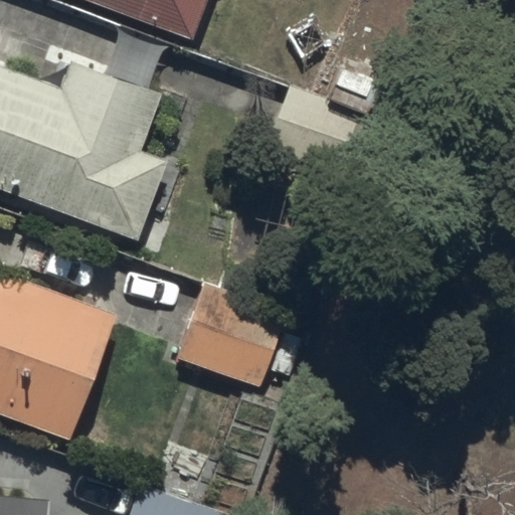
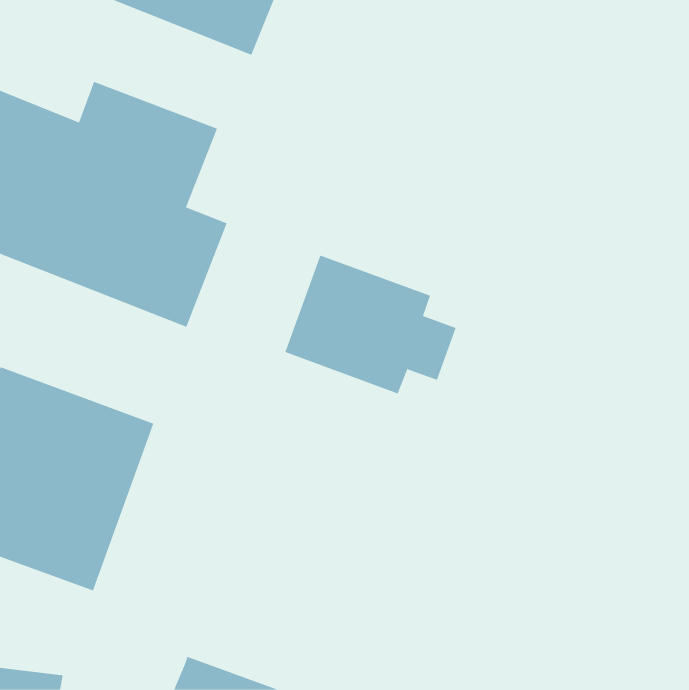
building: [175,285,303,388] -> [284,255,456,394]

